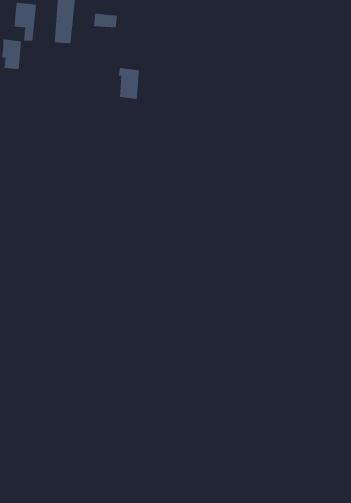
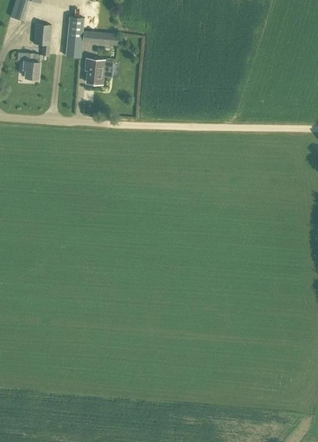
building: [118,68,140,99] -> [85,59,103,85]

